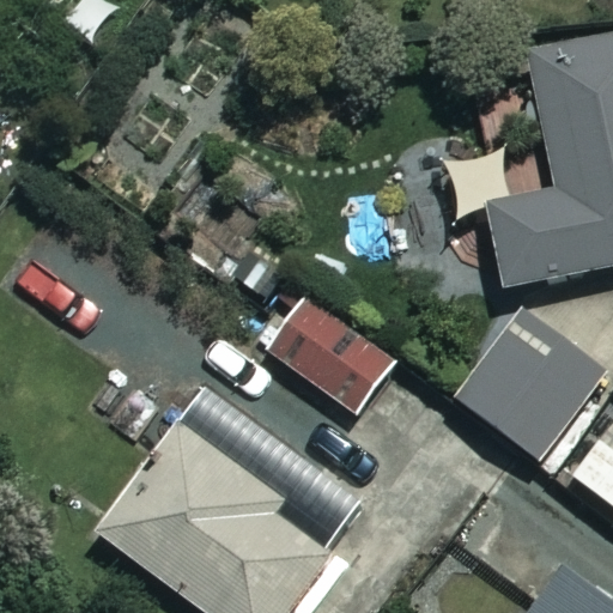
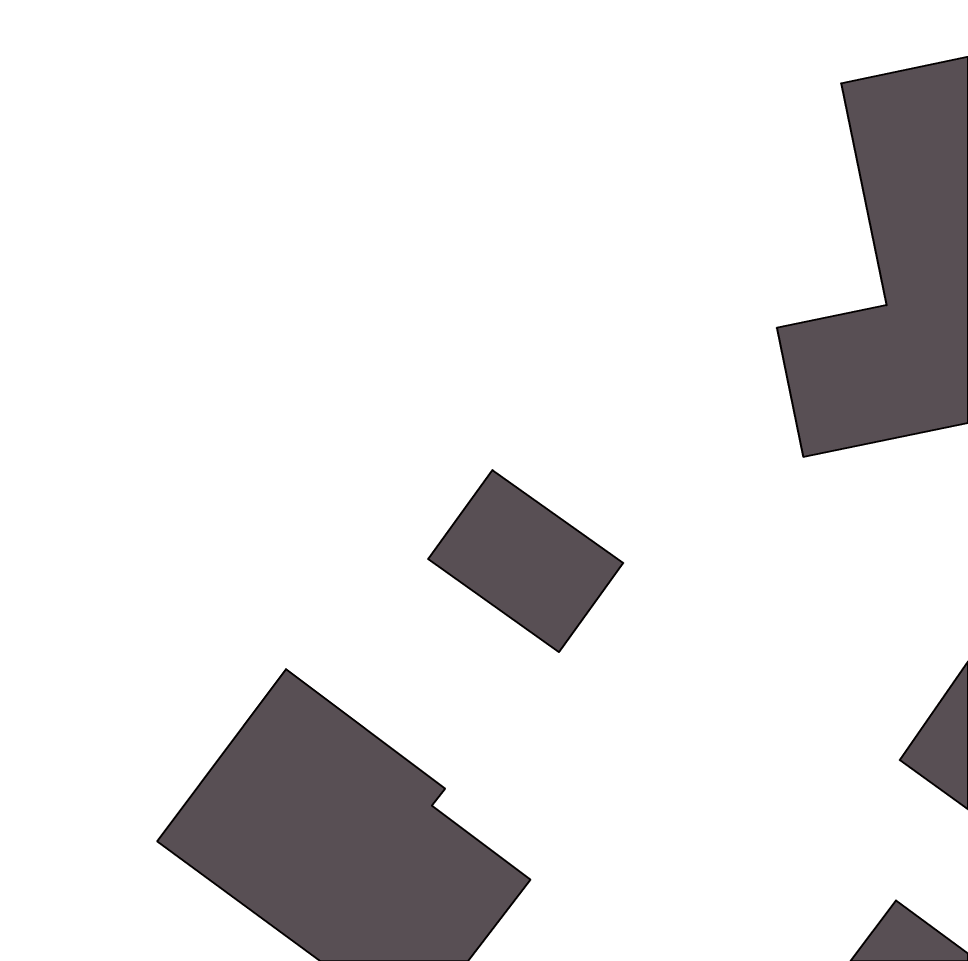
building: [455,312,599,455] -> none

